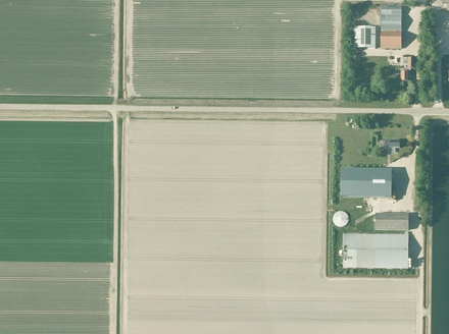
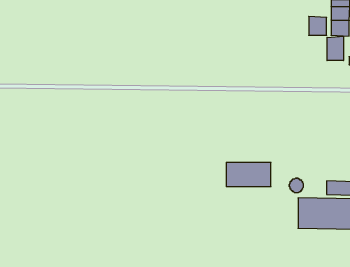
building: none -> [327,36,343,61]
building: [341,169,392,197] -> [226,162,271,187]

